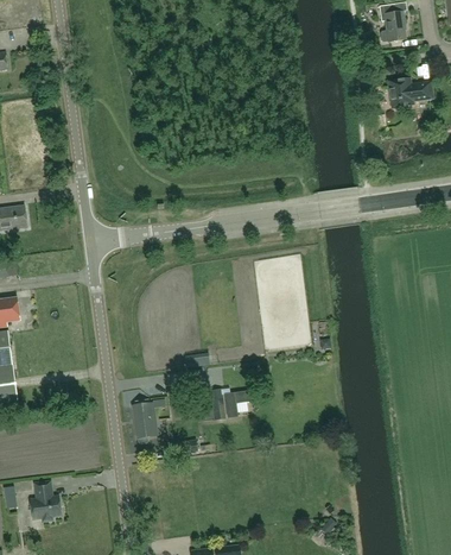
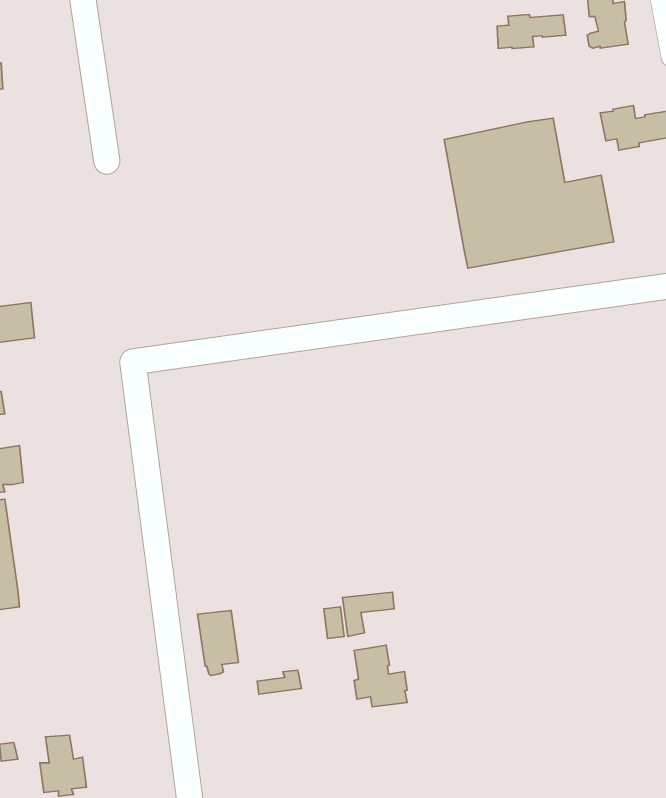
building: none -> [497,15,566,48]
building: none -> [444,118,614,268]
building: none -> [354,645,407,707]

